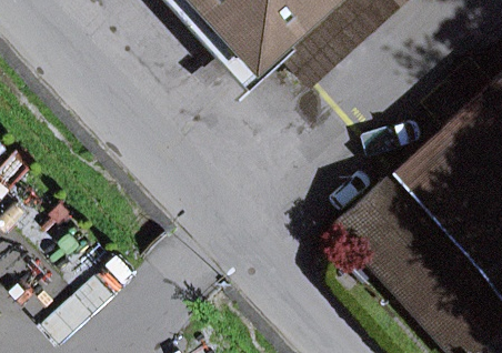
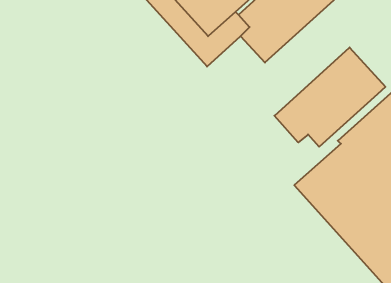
building: none -> [274,47,385,147]

